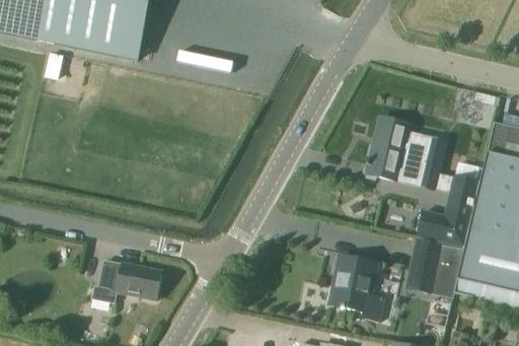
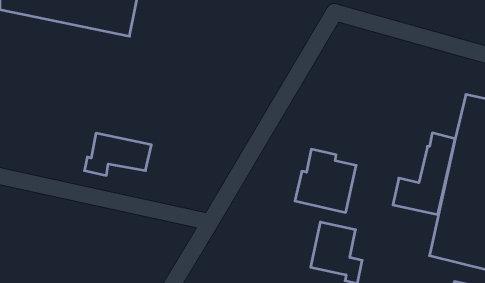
building: [367,119,432,186] -> [295,149,356,212]
building: [405,238,464,299] -> none
building: [91,260,162,304] -> [84,133,151,175]

